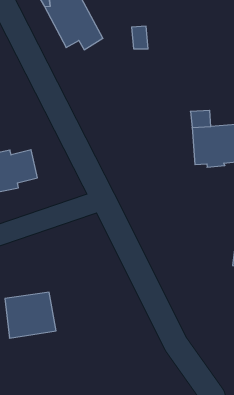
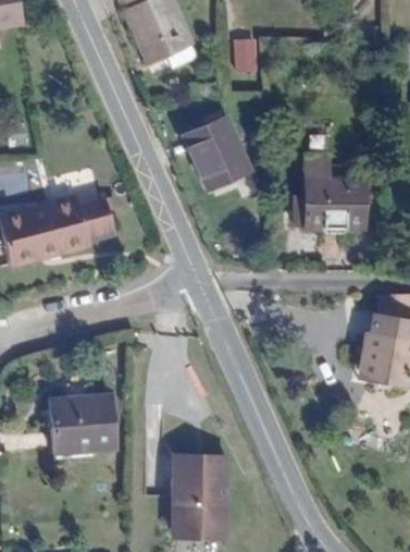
building: none -> [187,115,254,189]
building: none -> [174,441,227,525]

